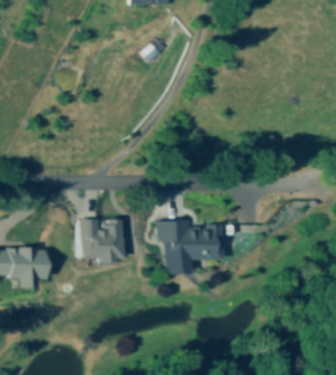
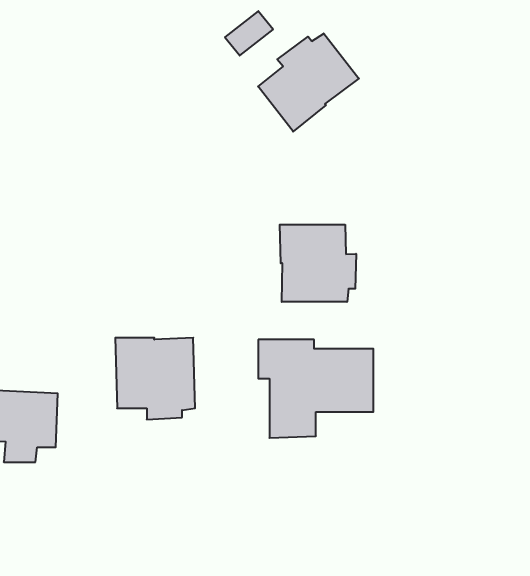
building: none -> [258,33,359,132]
building: none -> [280,225,356,302]

